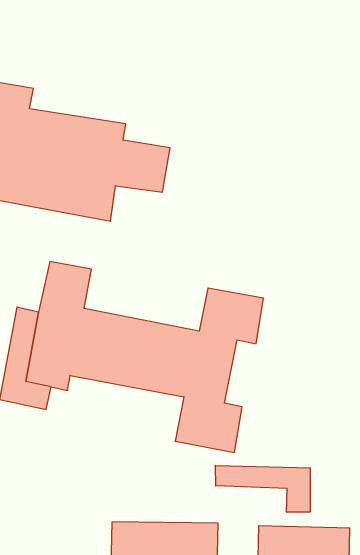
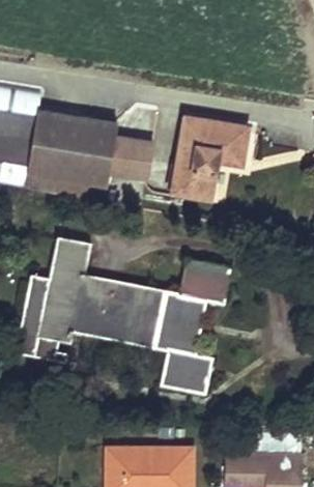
building: none -> [172,116,249,198]
building: [215,465,310,512] -> none

